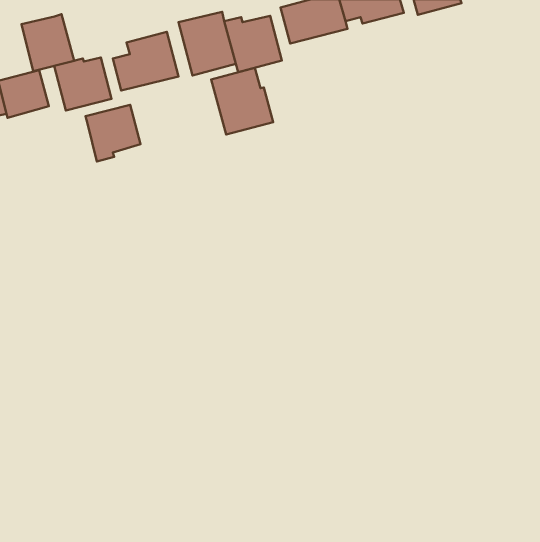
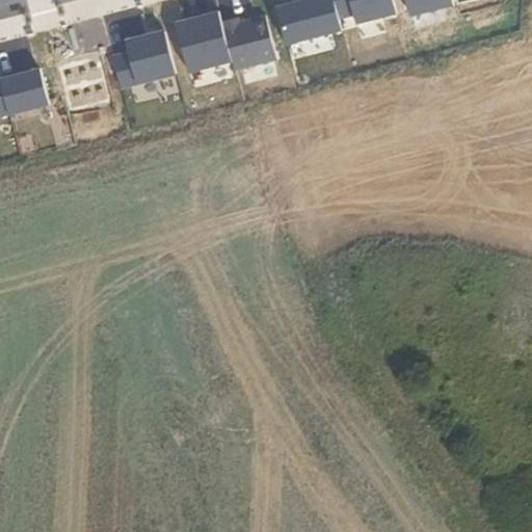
building: [21,14,74,71] -> none
building: [211,68,273,135] -> none
building: [85,105,141,162] -> none

